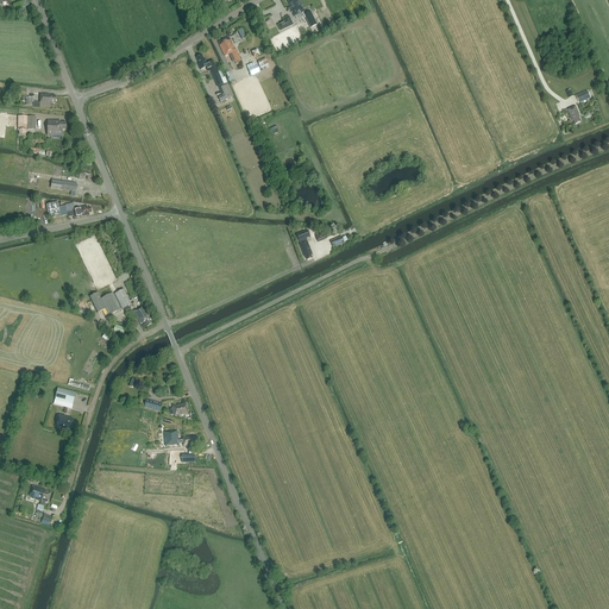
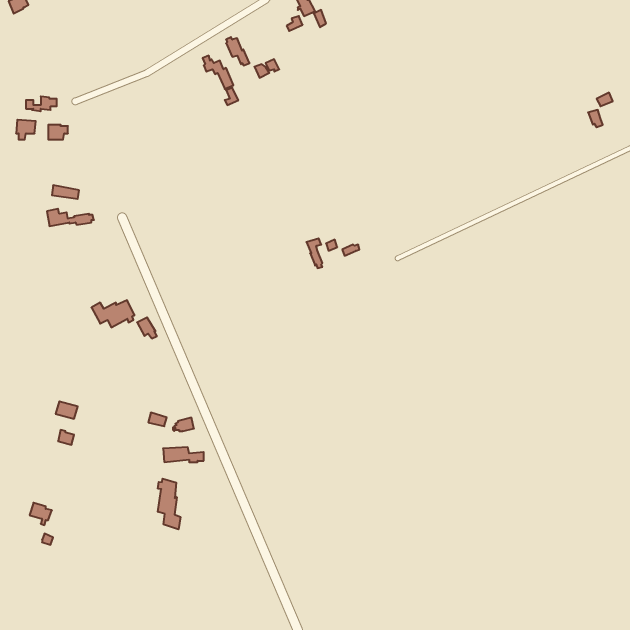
building: none -> [158,479,180,529]

